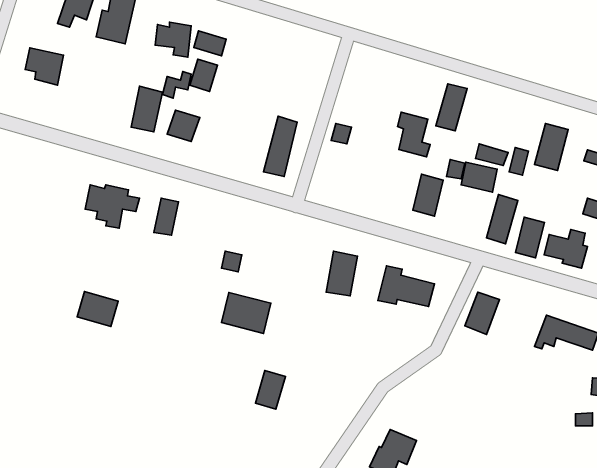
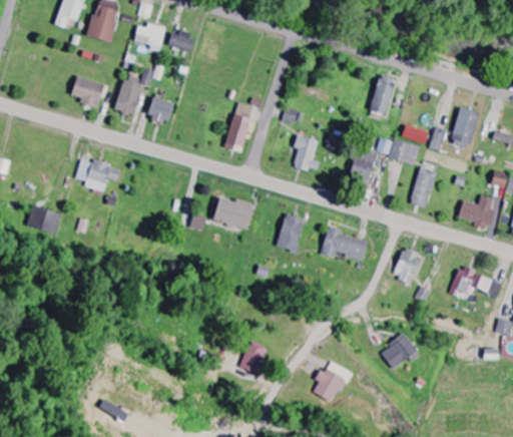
building: [25,48,64,85] -> [71,76,103,107]
building: [190,59,217,91] -> none
building: [398,112,430,157] -> [294,134,321,171]
building: [154,198,179,235] -> none
building: [515,217,544,258] -> none
building: [77,292,118,327] -> [28,205,62,235]
building: [221,292,271,333] -> [212,195,253,230]
building: [255,371,285,409] -> [240,341,266,373]
building: none -> [381,334,420,369]

